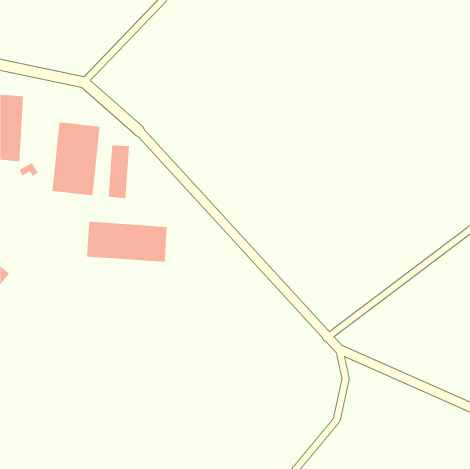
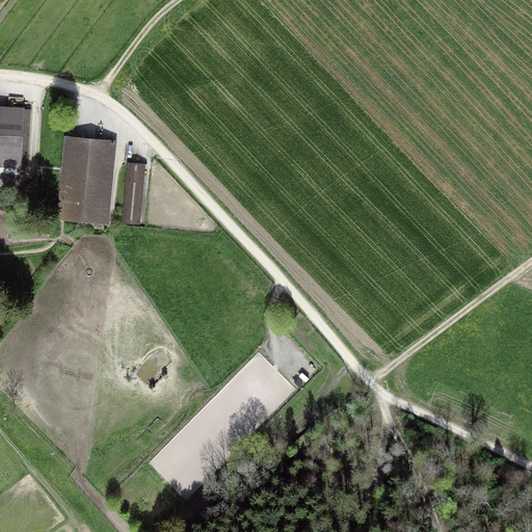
building: [86,221,168,263] -> none

